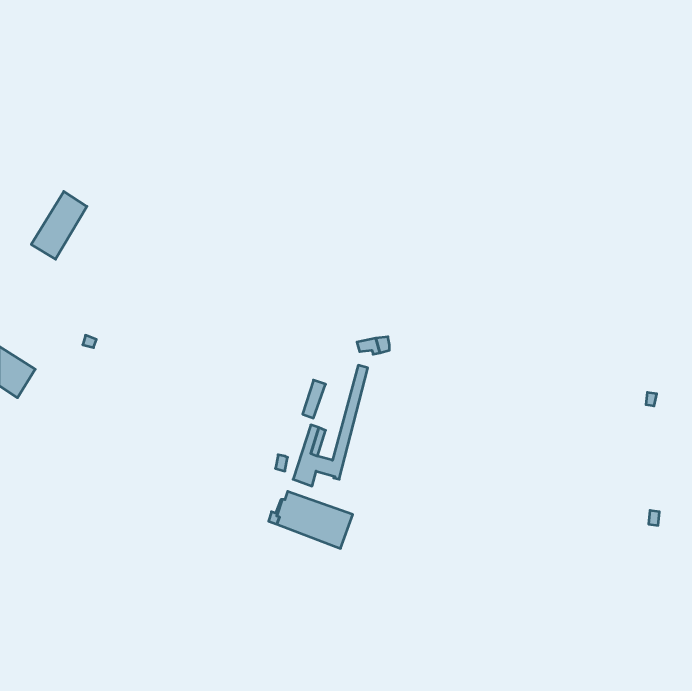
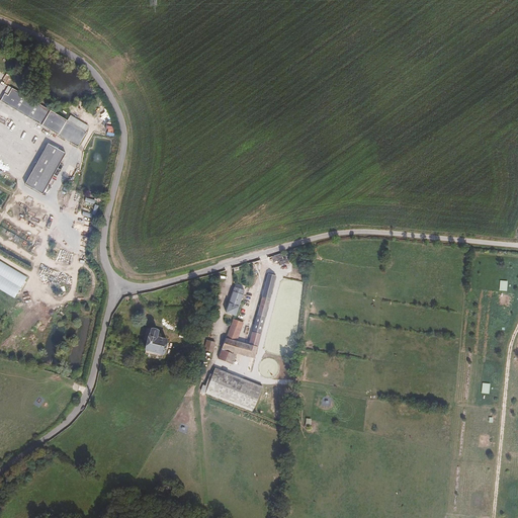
building: none -> [4,88,86,147]
building: none -> [143,327,165,356]

